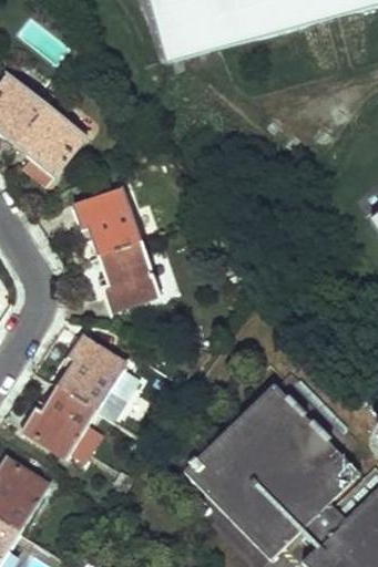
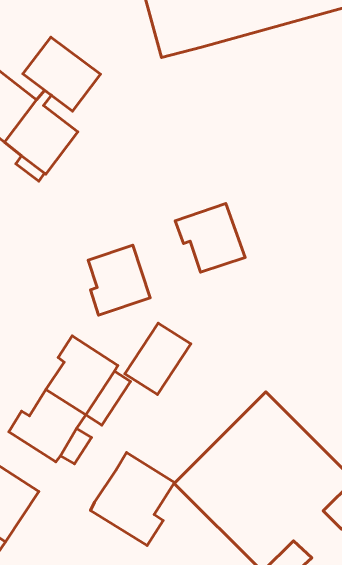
building: none -> [23,37,100,111]
building: [73,193,141,259] -> [175,204,245,272]
building: none -> [125,323,191,394]
building: none -> [91,453,175,546]

